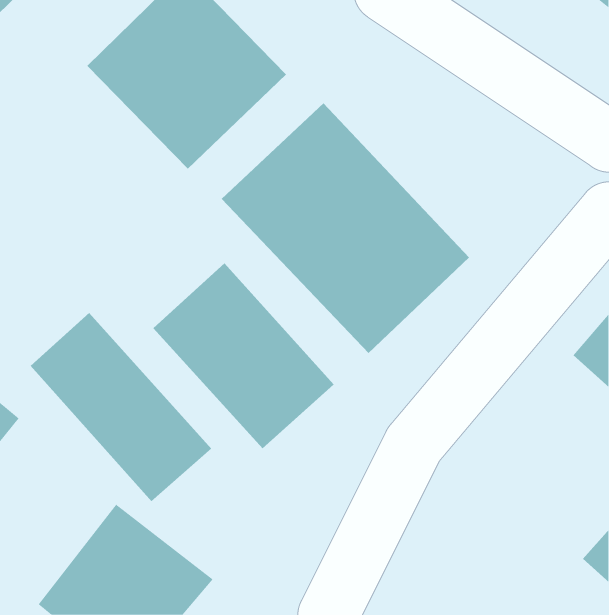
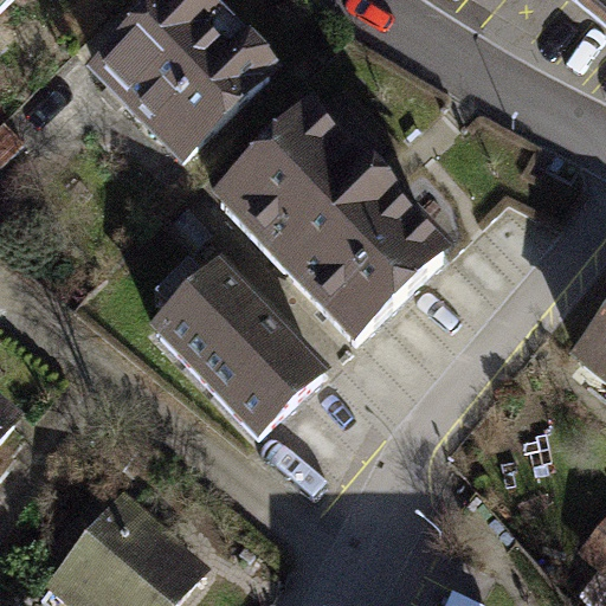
building: [30,312,212,502] -> none

